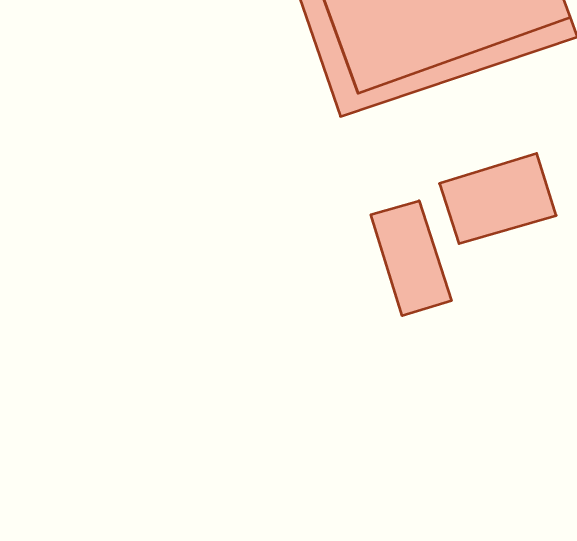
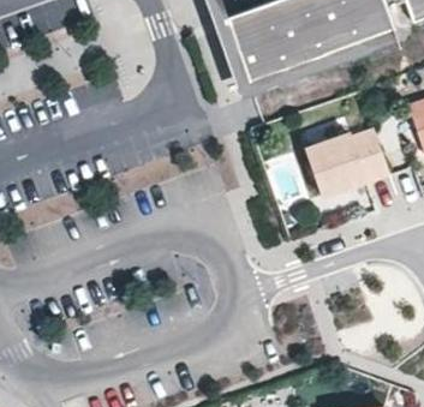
building: [371,201,451,316] -> none

